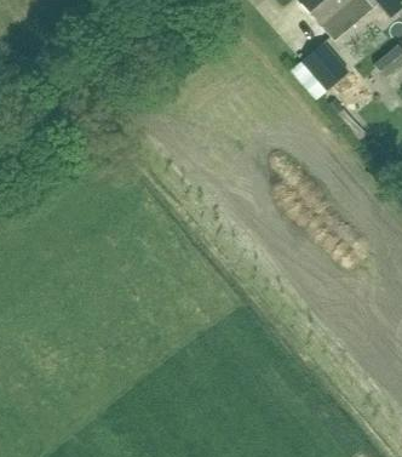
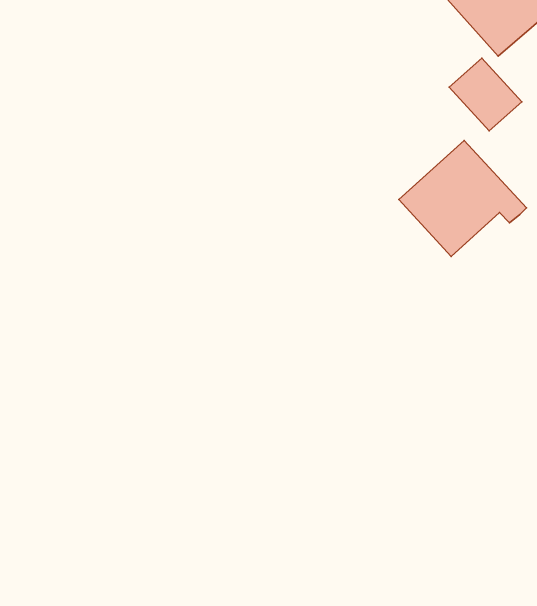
building: none -> [399,140,526,257]

